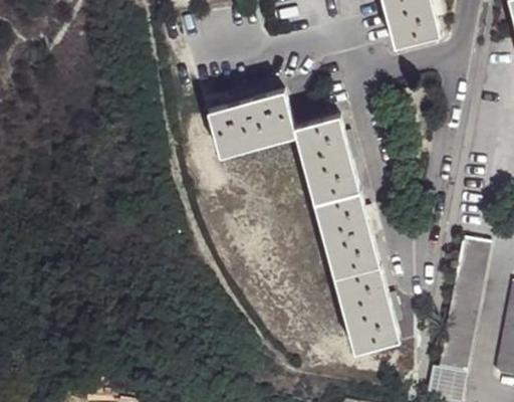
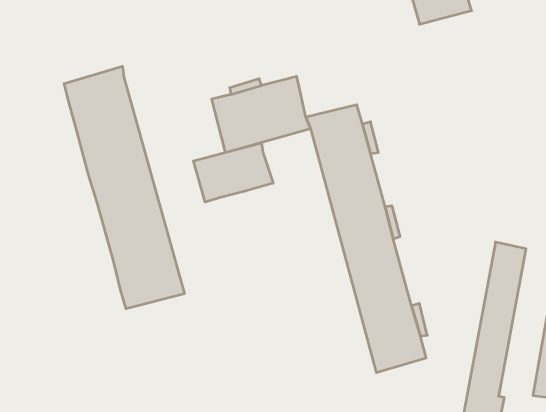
building: none -> [64,66,184,309]
building: none -> [193,143,273,202]

